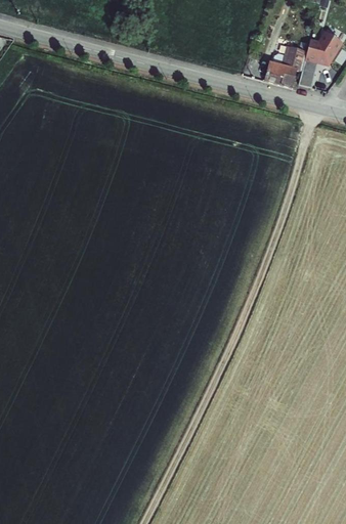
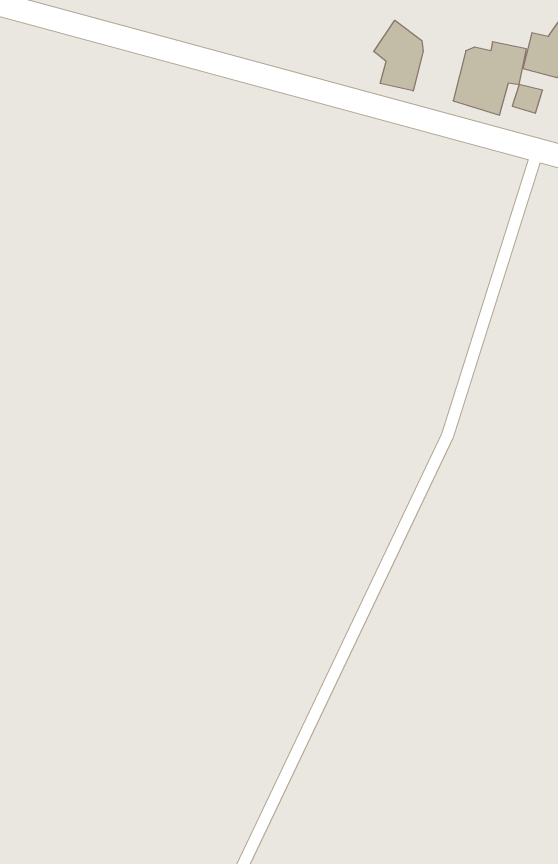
building: none -> [374,20,423,91]

